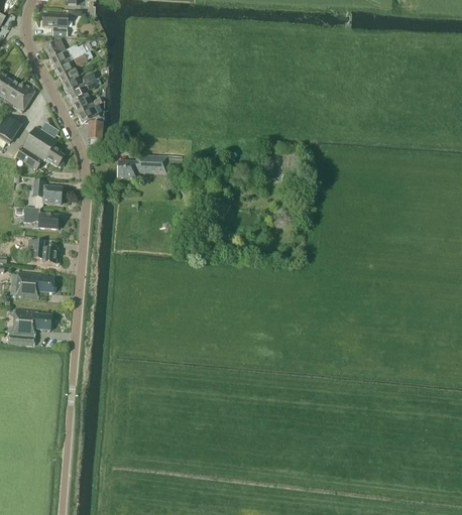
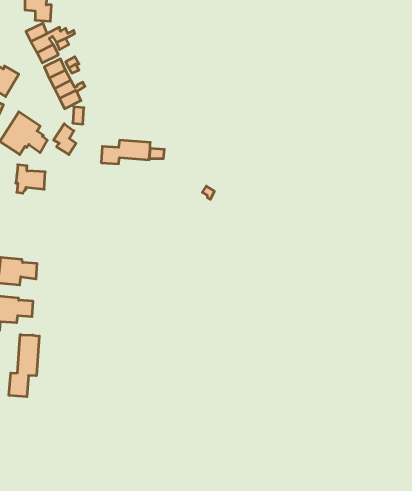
building: none -> [54,124,76,155]
building: [24,206,61,229] -> none
building: [29,239,57,263] -> none
building: none -> [9,335,39,397]

